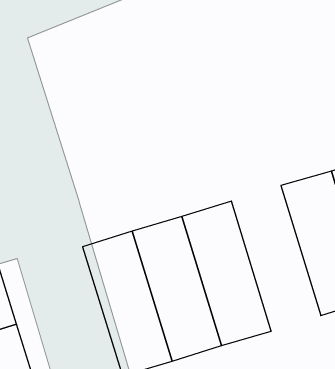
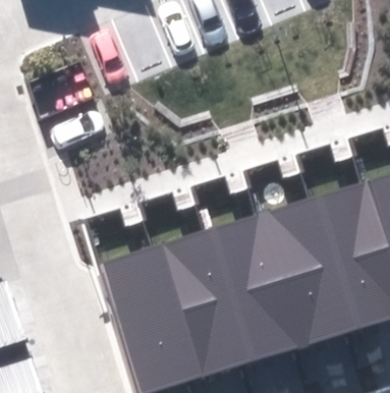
building: none -> [250,199,344,351]

